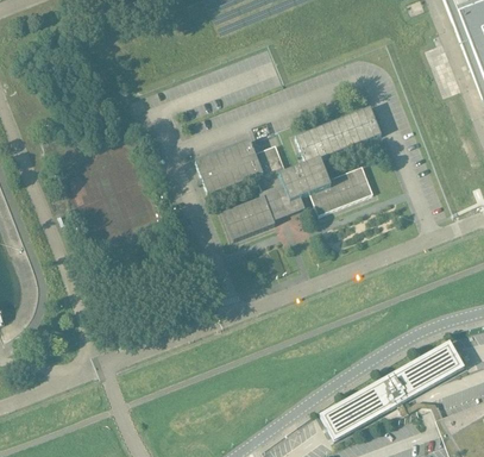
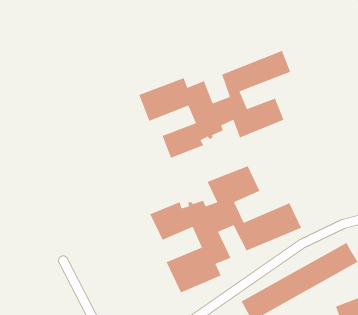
building: none -> [149,165,302,294]

